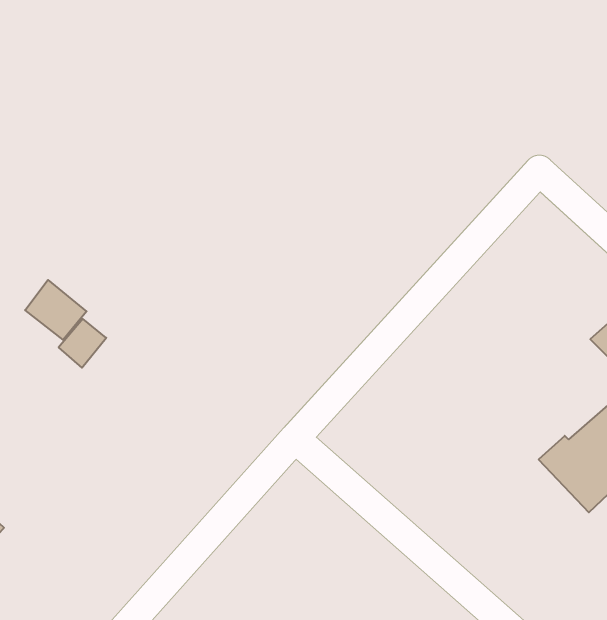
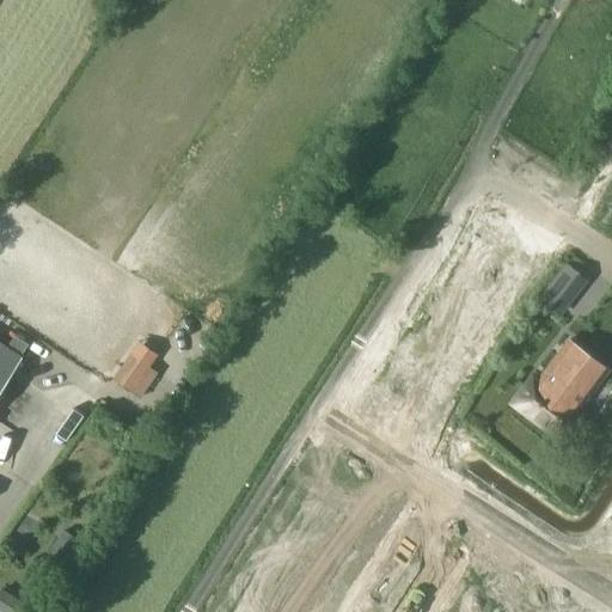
building: [25,280,87,340] -> none

